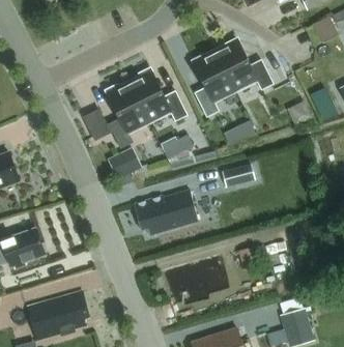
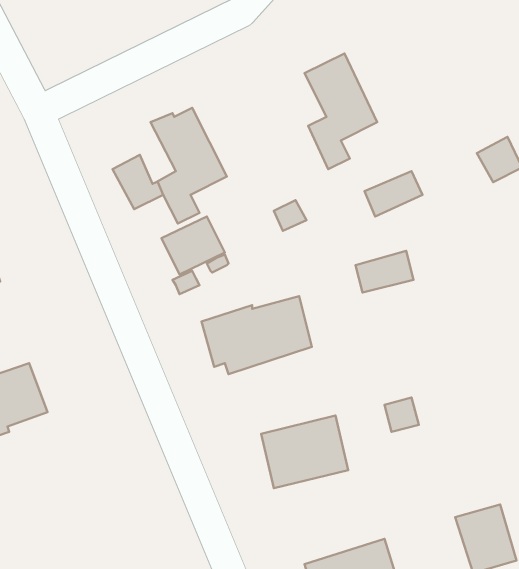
building: [216,39,274,90] -> none
building: [128,68,187,121] -> none
building: [29,293,91,340] -> none

